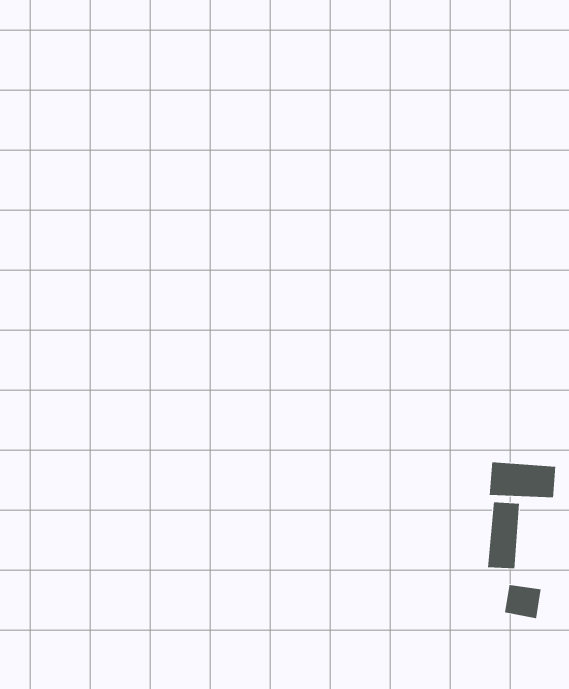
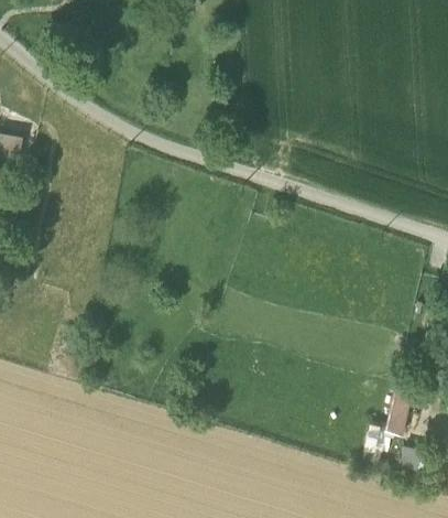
building: [489,462,556,498] -> none

